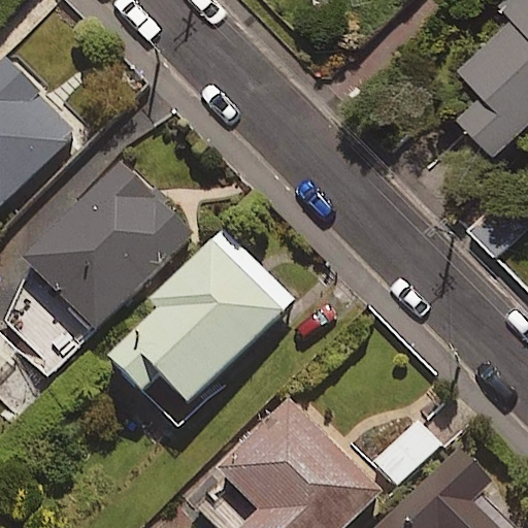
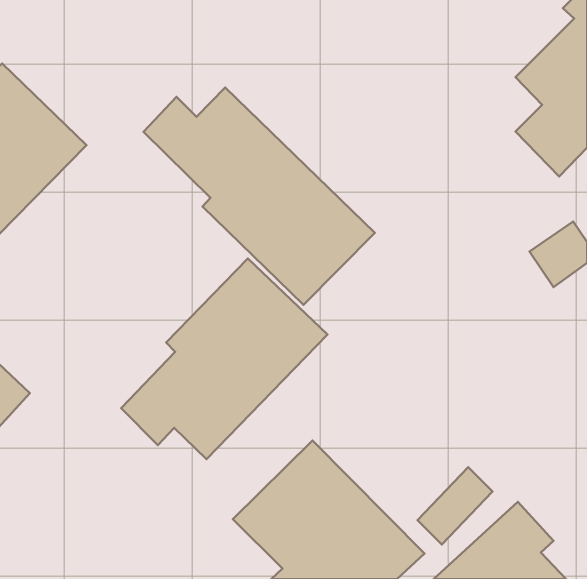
building: none -> [144,88,375,305]
building: [20,163,191,333] -> none

